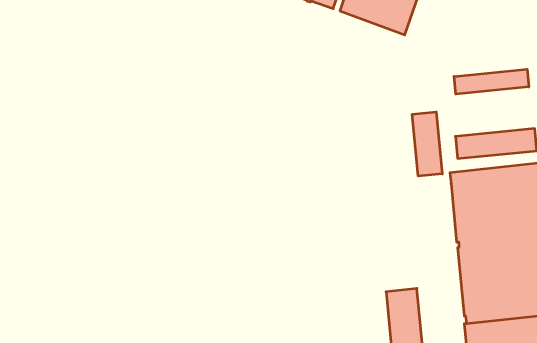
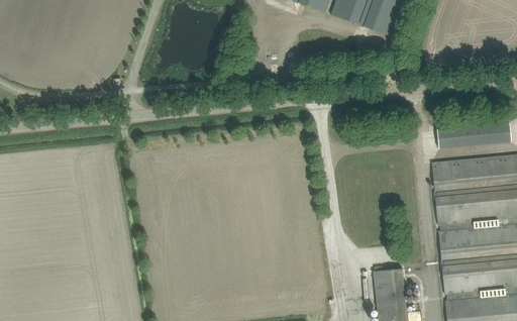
building: [454,69,529,94] -> none
building: [412,112,442,176] -> none

